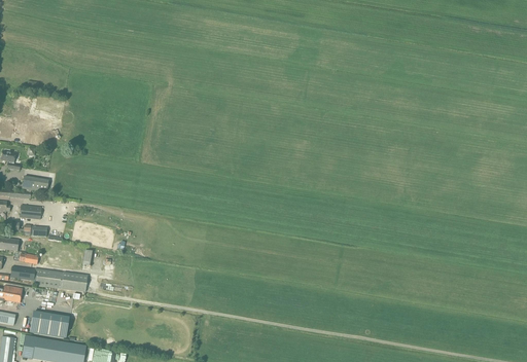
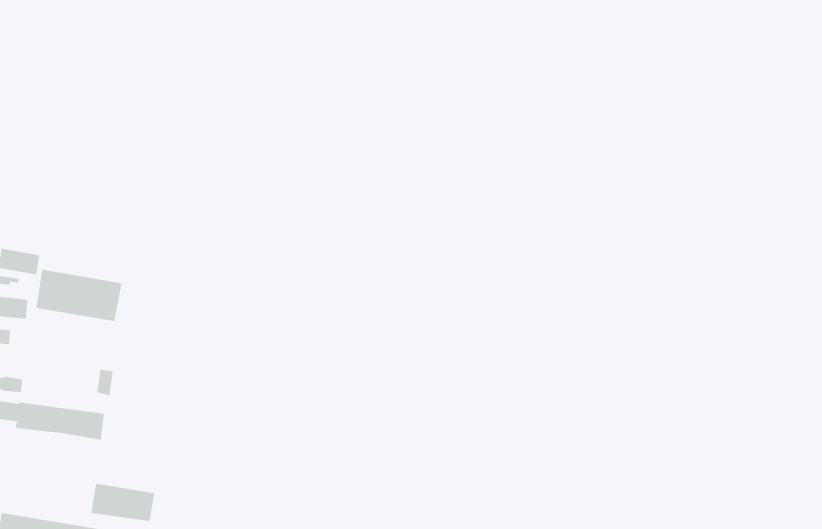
building: none -> [35,269,122,322]
building: [30,313,69,336] -> [90,483,155,522]

